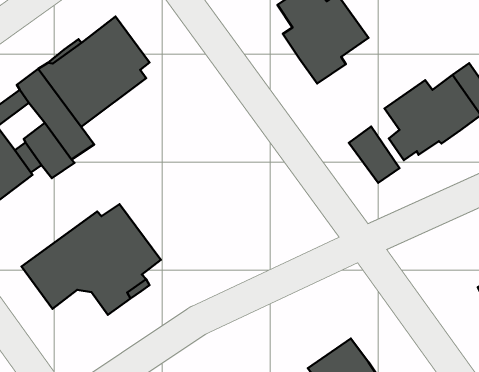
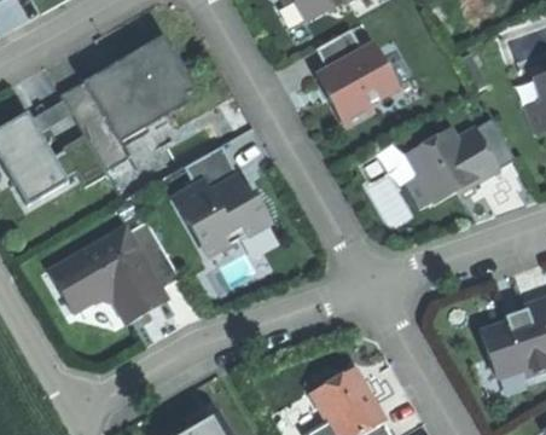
building: none -> [173,145,271,254]

